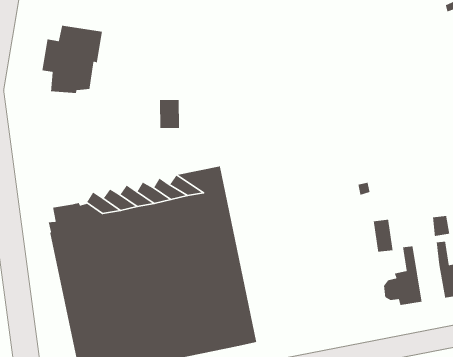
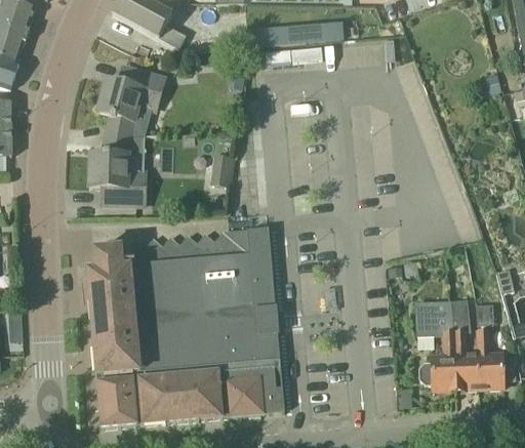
building: none -> [89,132,145,204]
building: none -> [450,298,479,389]

